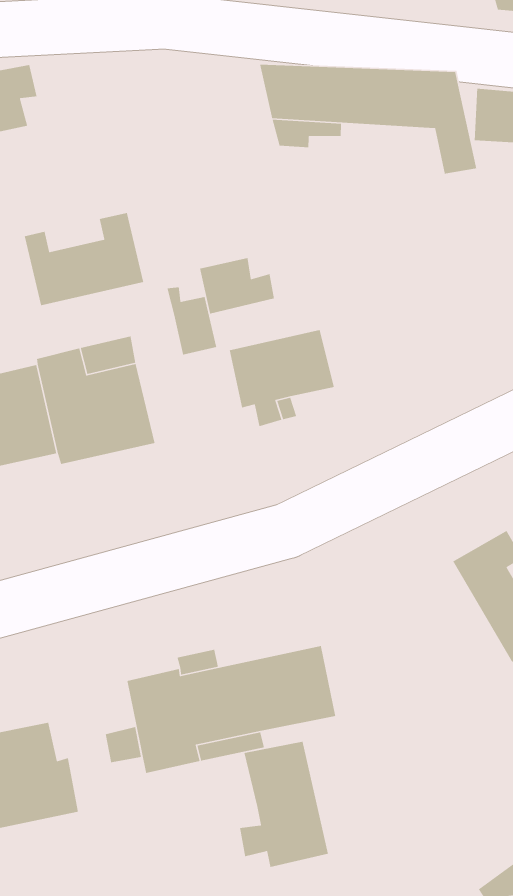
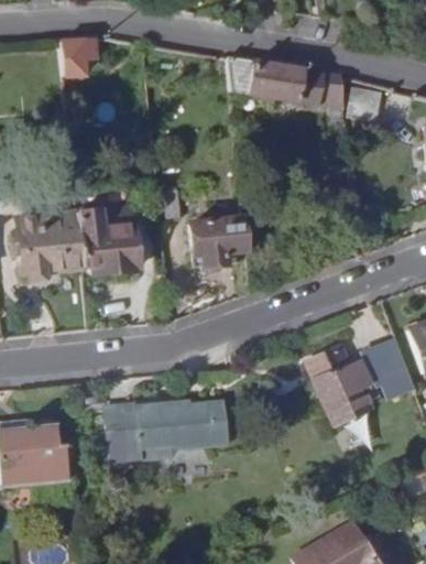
building: [24,212,144,306] -> none
building: [199,257,275,315] -> none
building: [239,741,329,868] -> none

